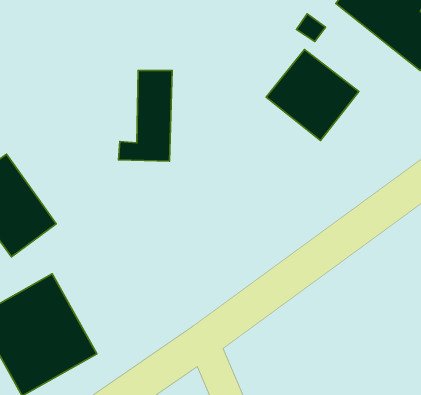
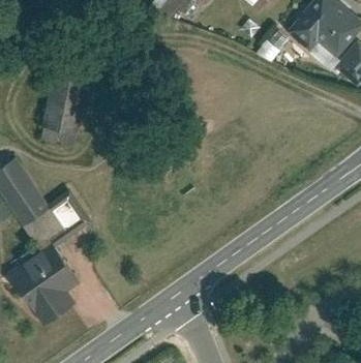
building: [266,49,359,141] -> none
building: [118,71,172,161] -> [36,71,79,143]

